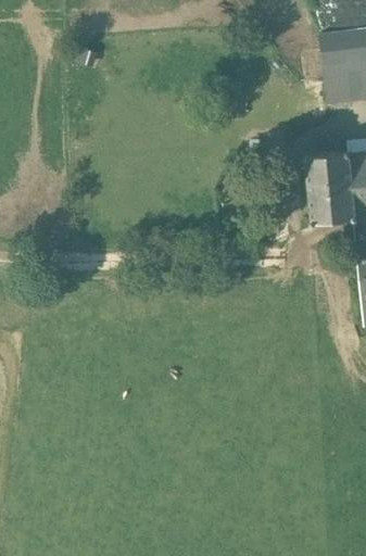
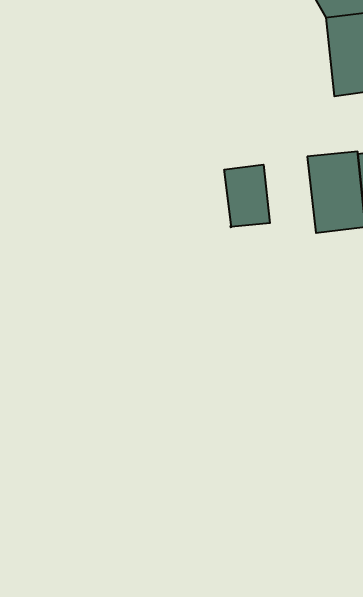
building: none -> [224,165,270,227]

